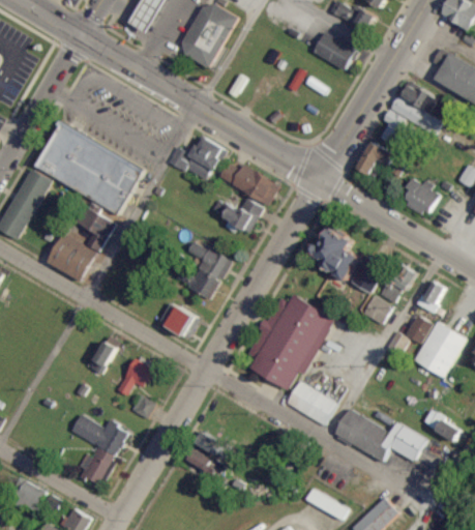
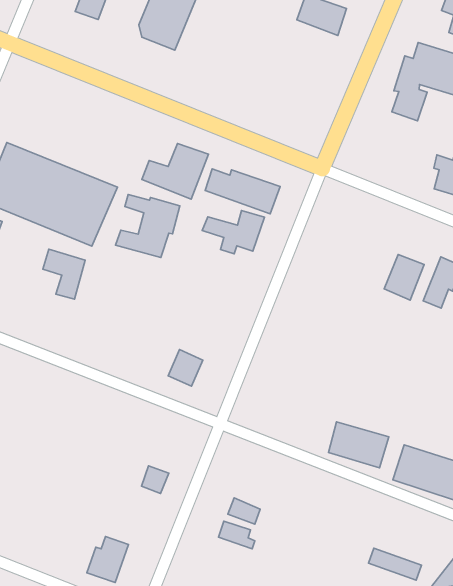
building: [356,143,395,177] -> none
building: [309,226,358,276] -> none
building: [46,233,95,281] -> none
building: [174,242,231,297] -> [115,195,180,258]
building: [247,294,334,388] -> none
building: [361,295,390,324] -> none
building: [86,340,116,374] -> none
building: [116,355,153,395] -> none
building: [69,414,127,455] -> none

